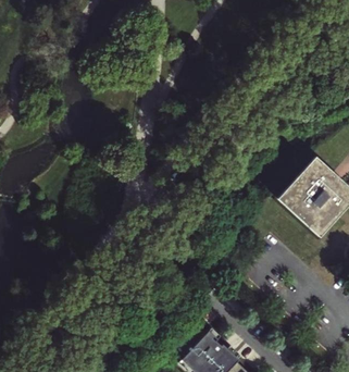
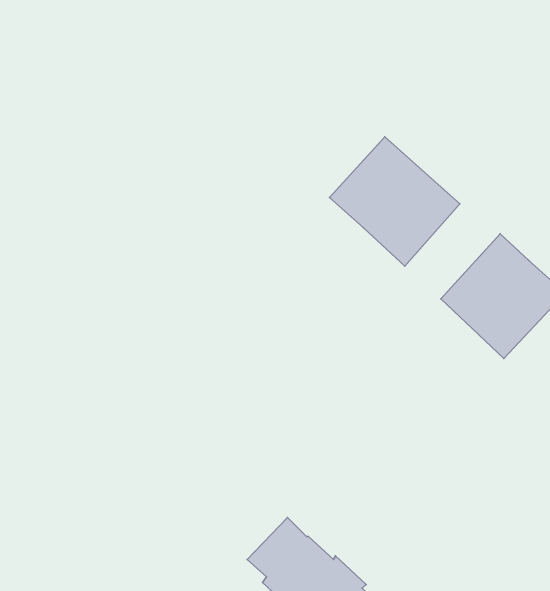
building: none -> [330,137,460,266]

